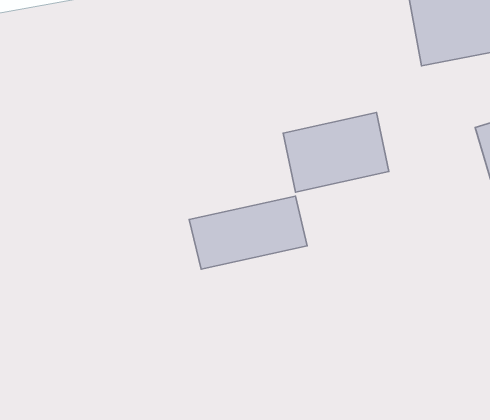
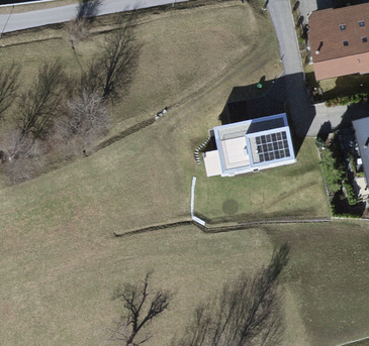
building: [189,196,307,269] -> none

